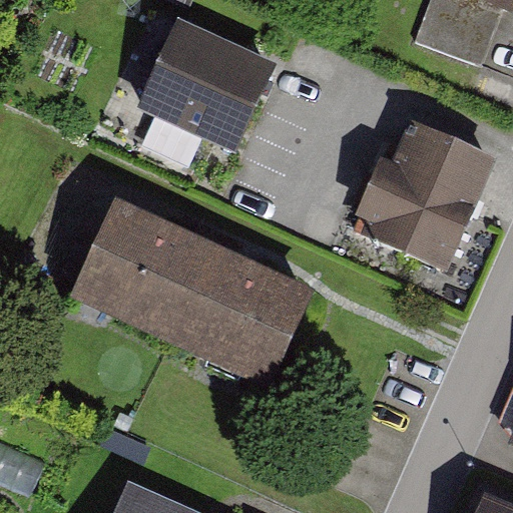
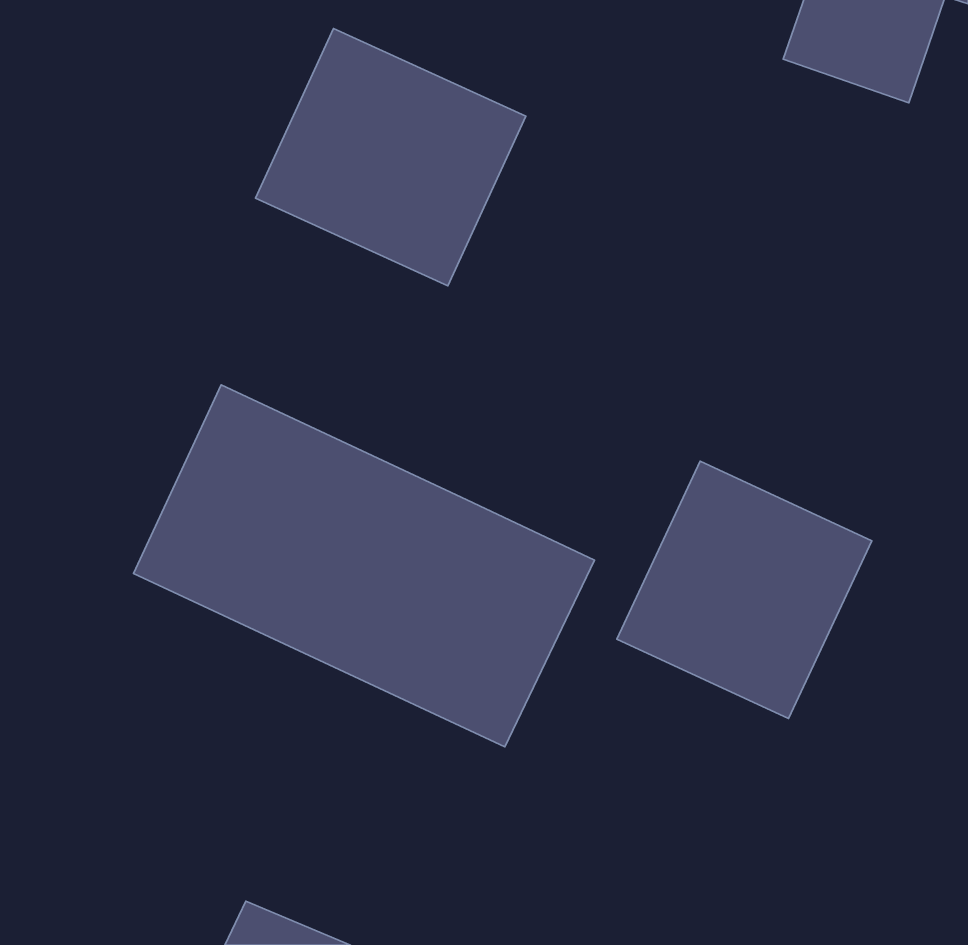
building: [355,113,499,261] -> none
building: none -> [617,461,872,719]

